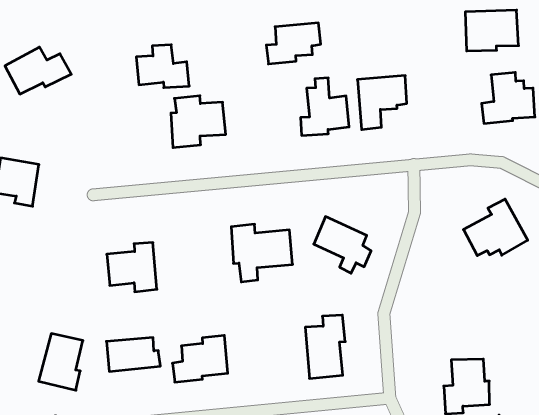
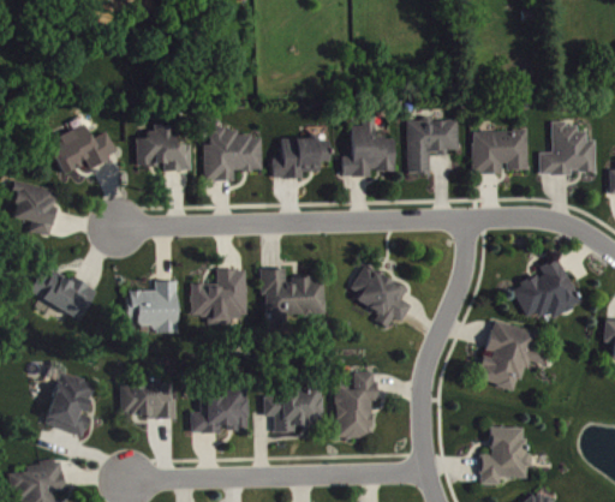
building: [465,10,519,51] -> [472,131,529,174]
building: [266,23,321,64] -> [271,138,330,179]
building: [136,45,189,88] -> [136,125,191,171]
building: [5,47,71,94] -> [47,124,118,173]
building: none -> [191,270,246,324]
building: none -> [30,271,97,321]
building: none -> [477,321,548,390]
building: none -> [264,392,323,432]

